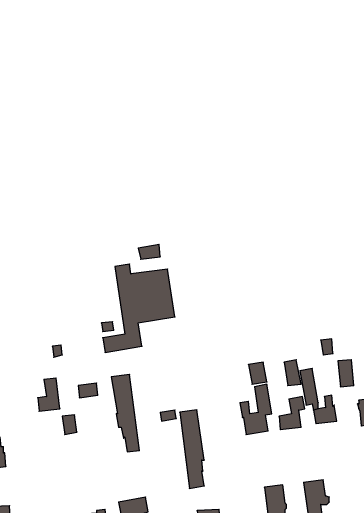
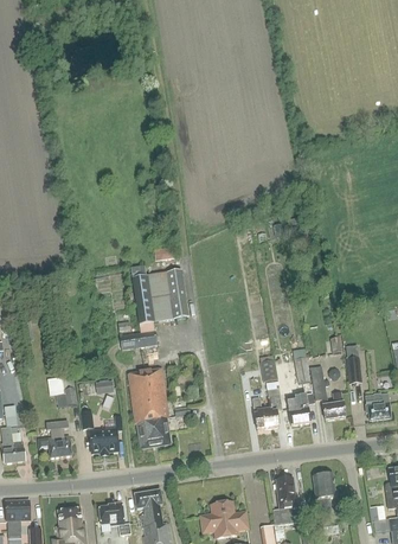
building: [180,410,204,488] -> [145,369,168,444]
building: none -> [37,420,71,456]
building: none -> [90,429,117,453]

